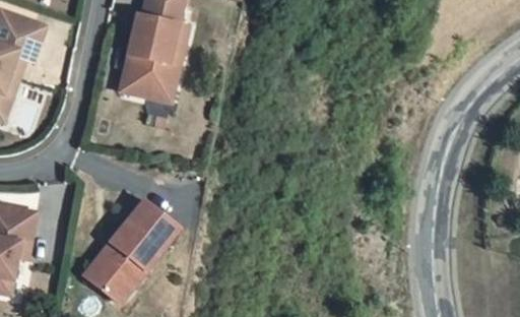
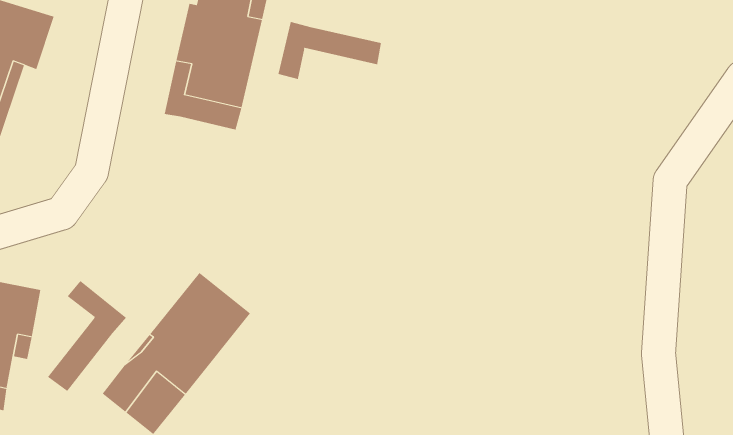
building: none -> [278,21,382,80]
building: none -> [47,280,127,392]

